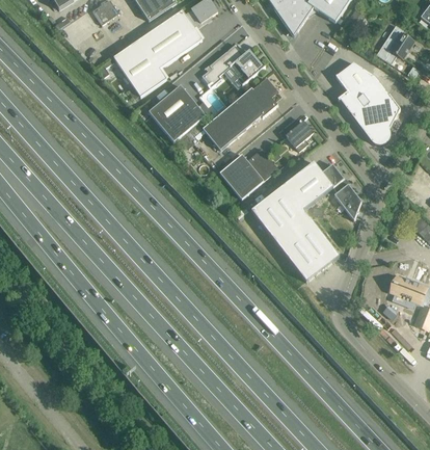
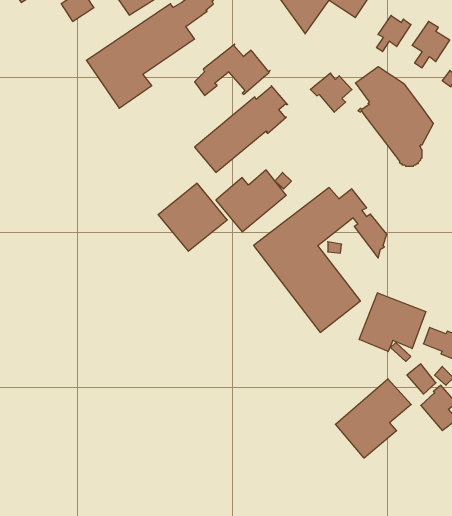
building: none -> [377,15,411,52]
building: [149,84,206,140] -> [158,183,227,251]
building: [279,117,314,150] -> [310,73,352,112]
building: none -> [359,293,426,352]
building: none -> [335,379,411,458]

